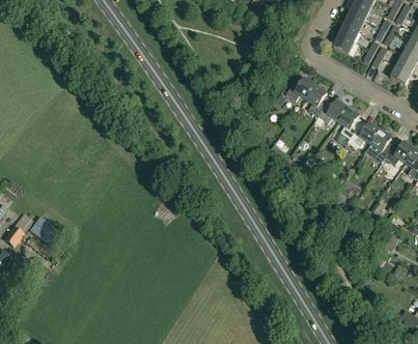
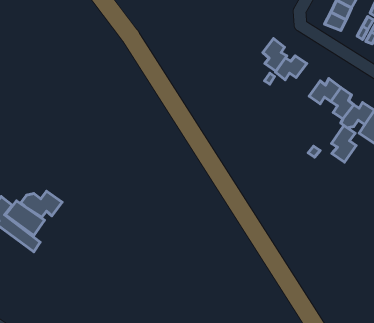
building: [305,84,328,115] -> [263,38,287,71]
building: none -> [331,125,356,162]
building: none -> [21,191,62,217]

